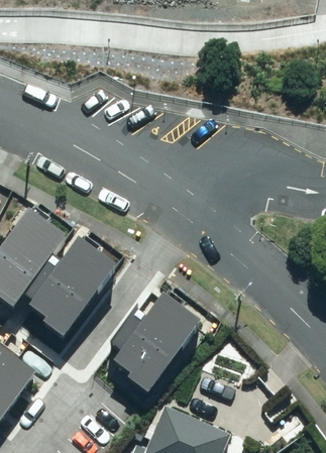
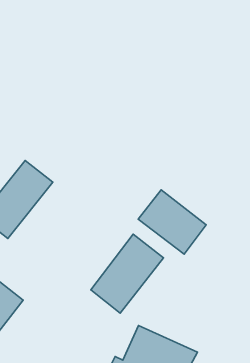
building: [30,238,117,330] -> none
building: none -> [138,190,206,254]

